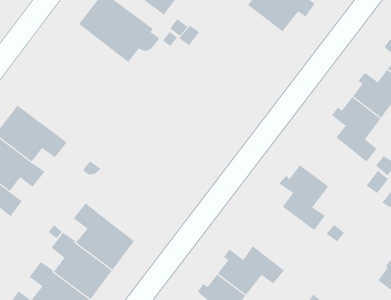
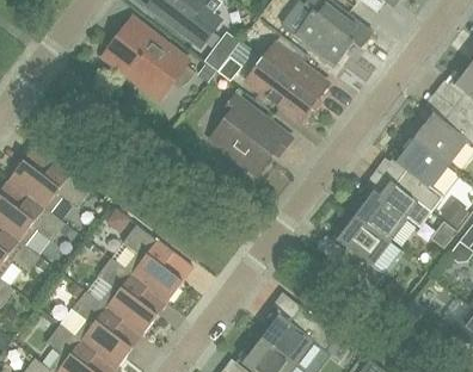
building: none -> [246,42,328,120]
building: none -> [210,94,291,172]
building: none -> [355,179,431,238]
building: none -> [123,223,194,300]

